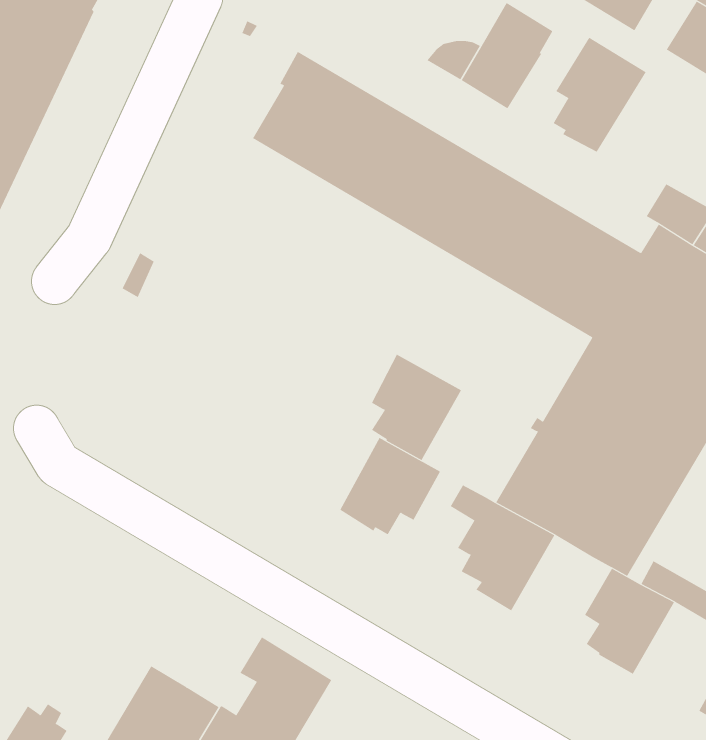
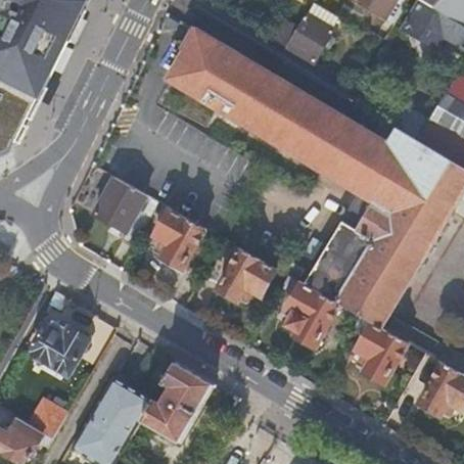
building: [553,37,647,152] -> none
building: none -> [93,178,146,232]
building: [371,354,462,461] -> [154,208,205,269]
building: none -> [31,320,89,374]

